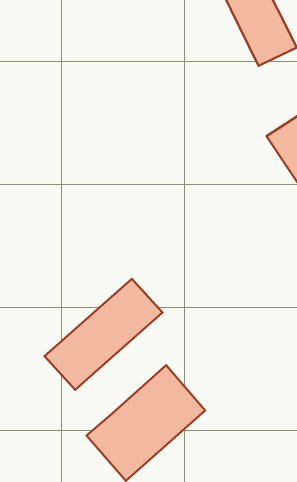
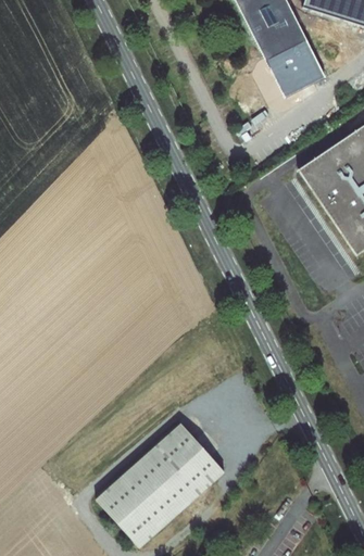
building: [44,279,163,390] -> none

